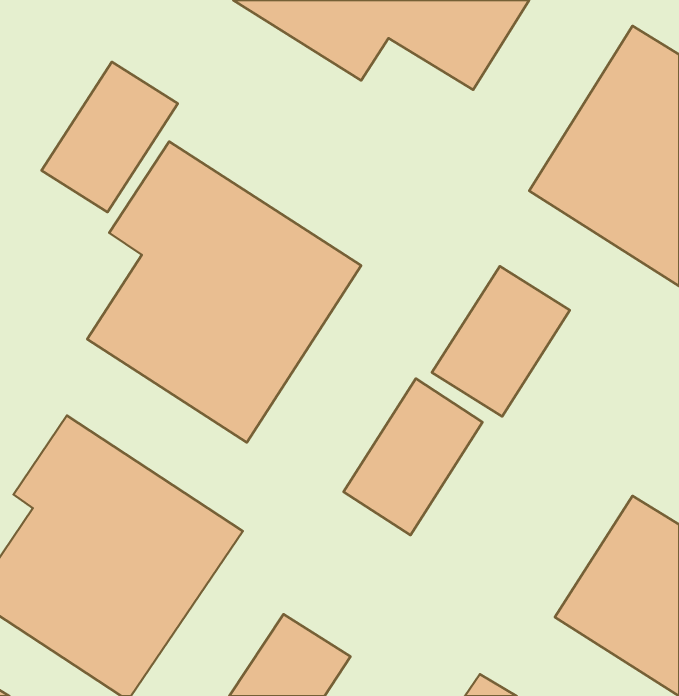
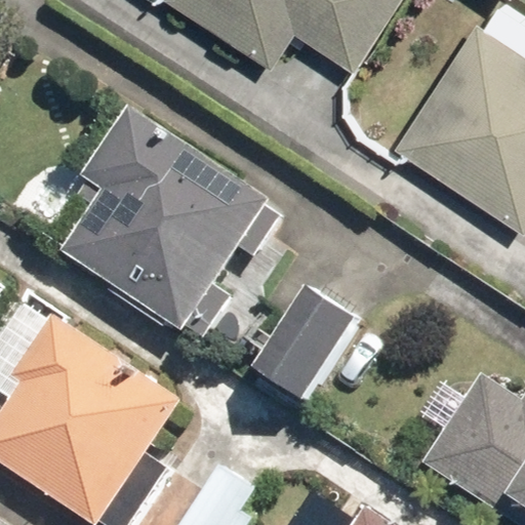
building: [41,62,178,212] -> none
building: [432,266,570,416] -> none

